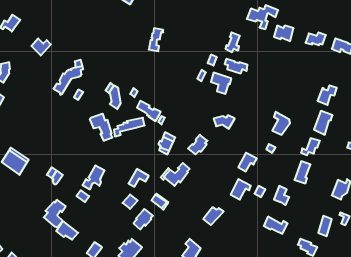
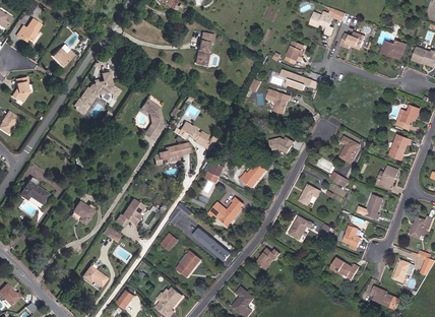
building: [90,114,112,141] -> none
building: [44,200,66,228] -> none

